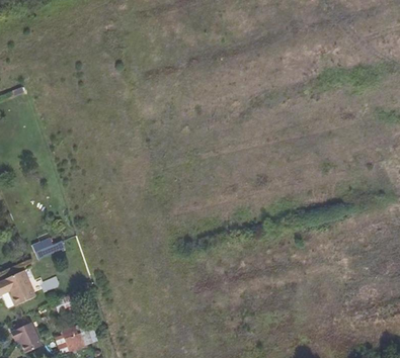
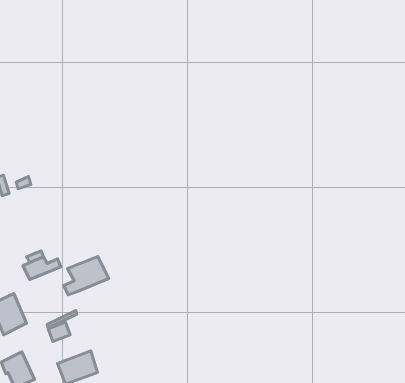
building: none -> [64,257,109,295]

